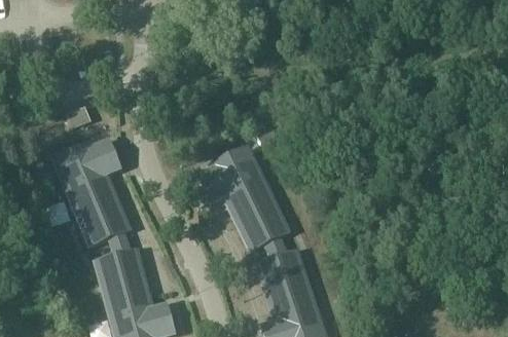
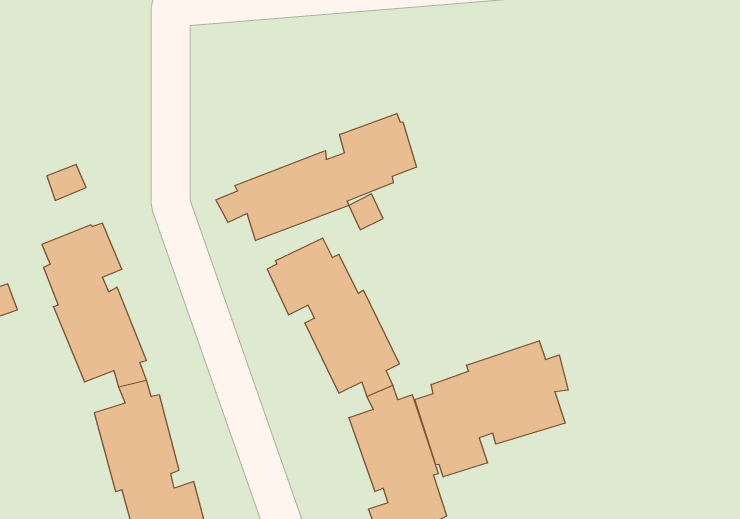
building: none -> [216,113,416,241]
building: none -> [415,341,568,477]

